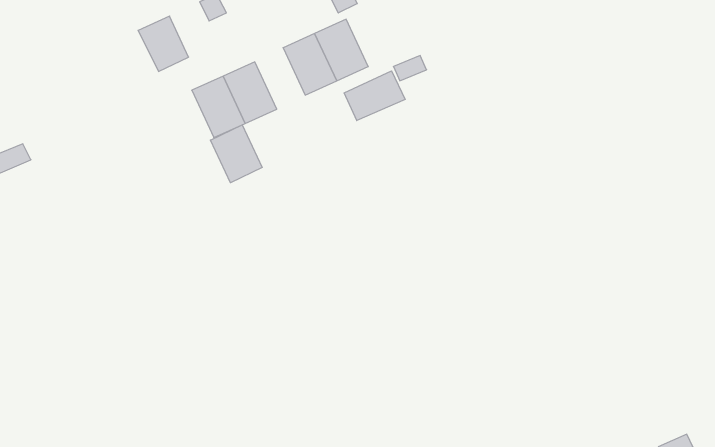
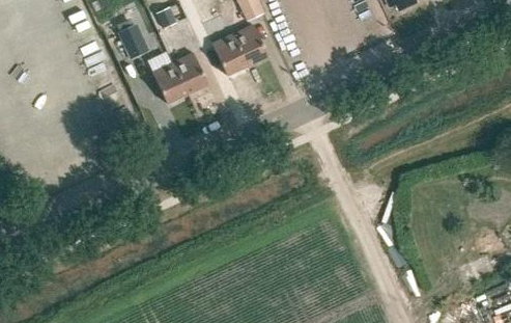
building: [344,71,405,121] -> none
building: [210,125,262,183] -> none

